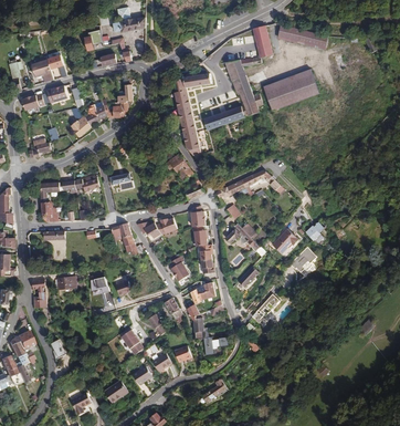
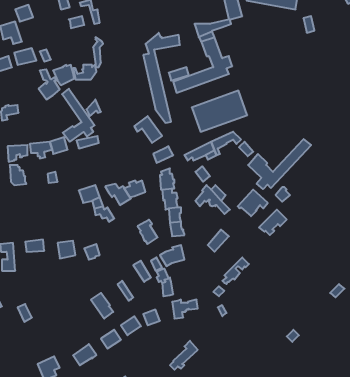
building: [264,69,319,110] -> [192,91,247,132]
building: none -> [62,89,95,142]
building: none -> [248,139,311,189]

